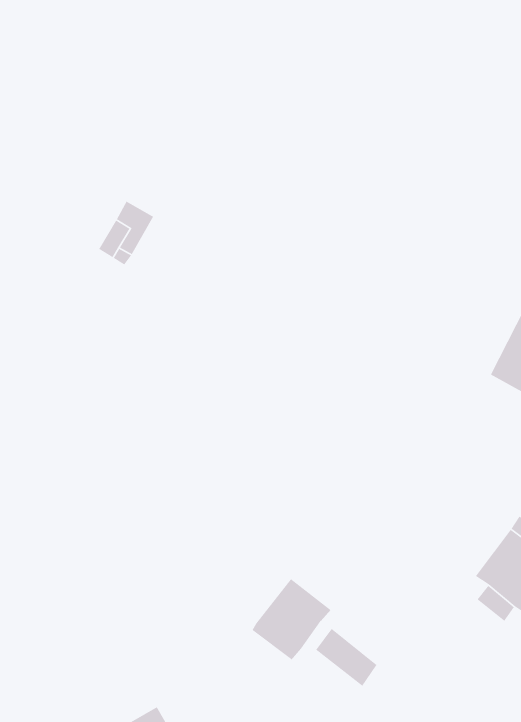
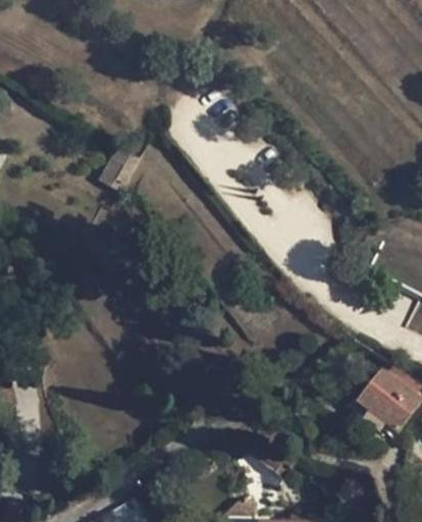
building: [251,578,331,661] -> none

